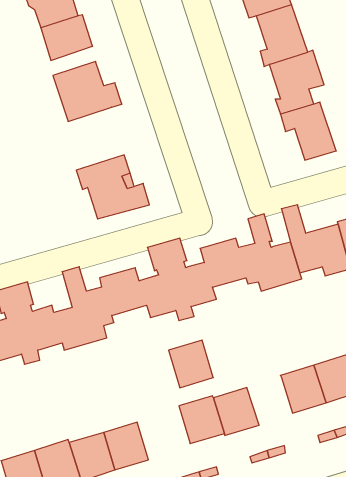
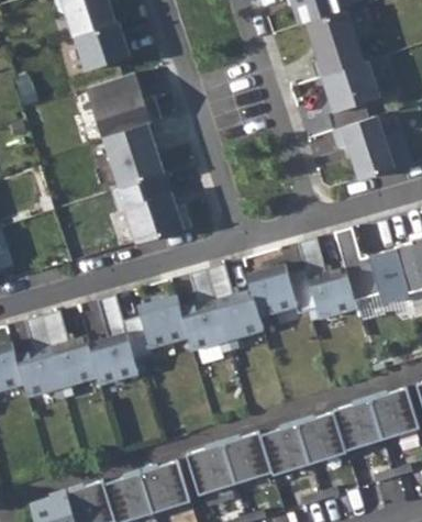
building: none -> [103,121,164,187]
building: [169,340,213,388] -> [187,444,235,496]
building: none -> [297,413,346,465]

